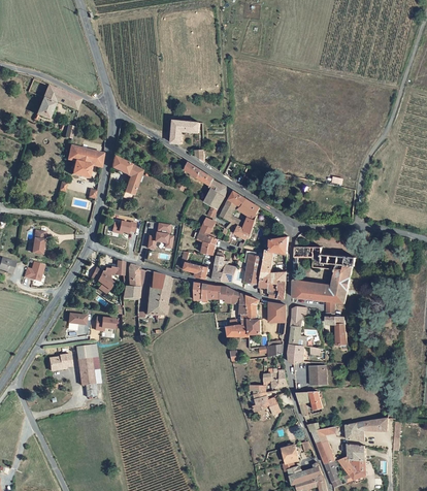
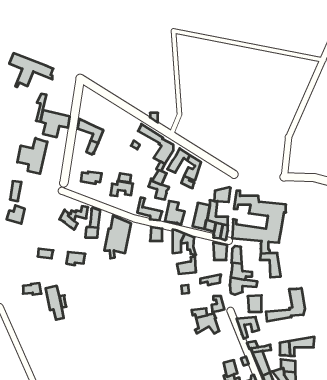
building: [170,118,198,142] -> none
building: none -> [17,138,47,174]
building: [243,297,263,336] -> none
building: none -> [266,288,305,321]

